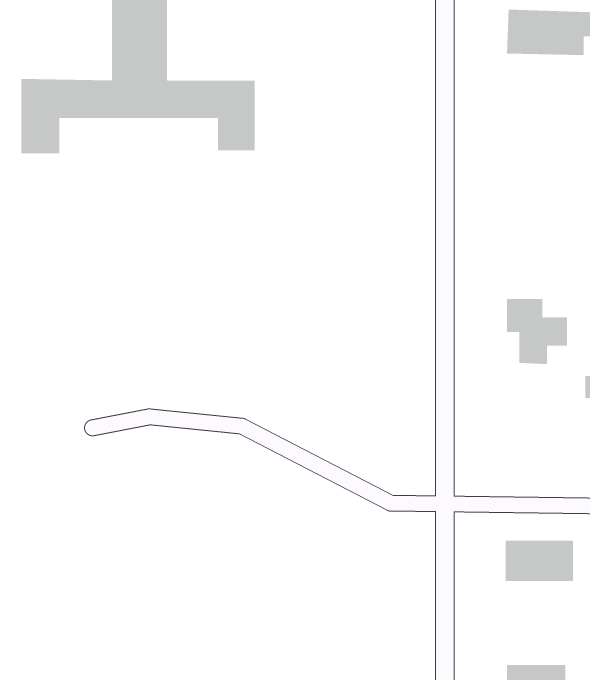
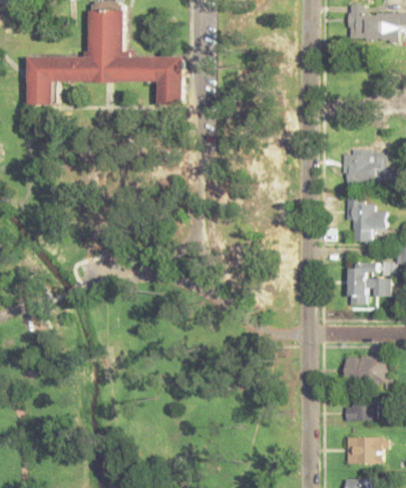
building: none -> [344,148,392,185]
building: none -> [349,262,393,298]
building: none -> [346,400,376,420]

